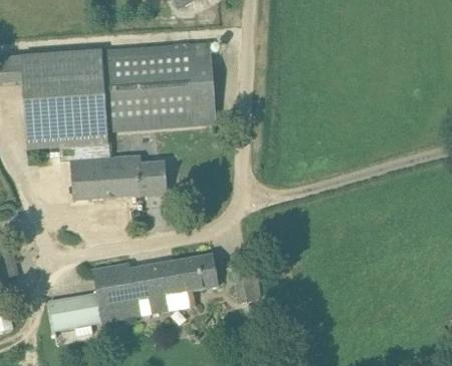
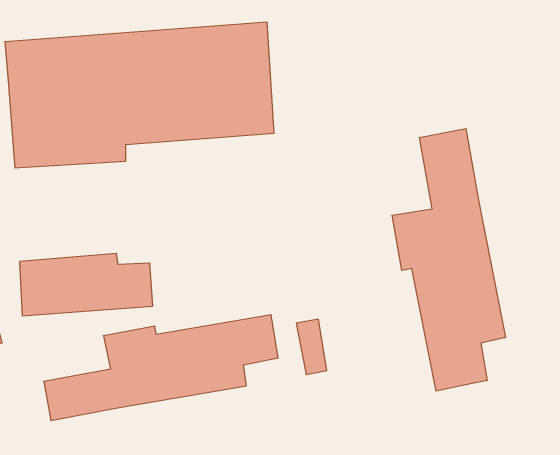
building: none -> [392,129,505,391]
building: [69,154,166,200] -> [20,253,153,316]

